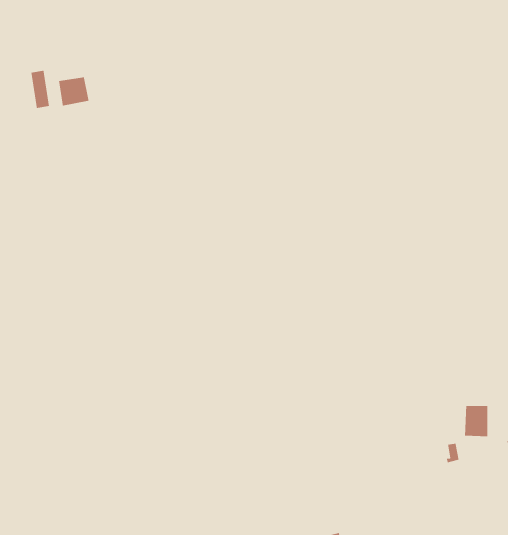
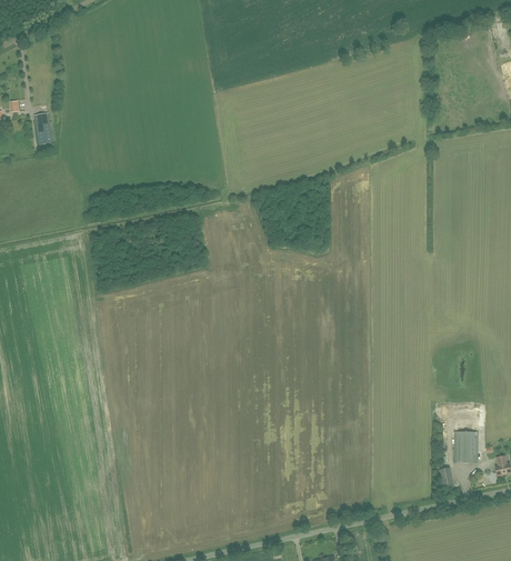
building: [58,76,90,107] -> none

